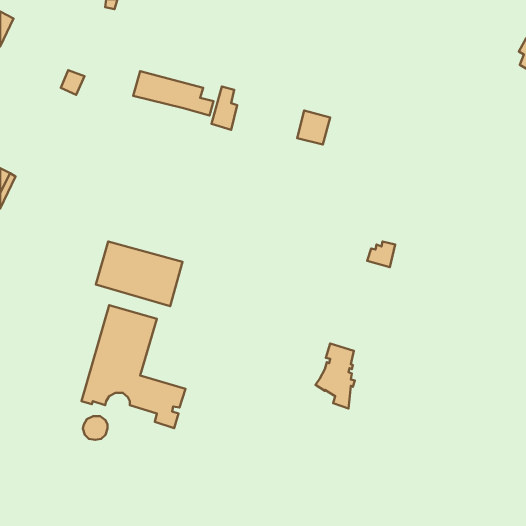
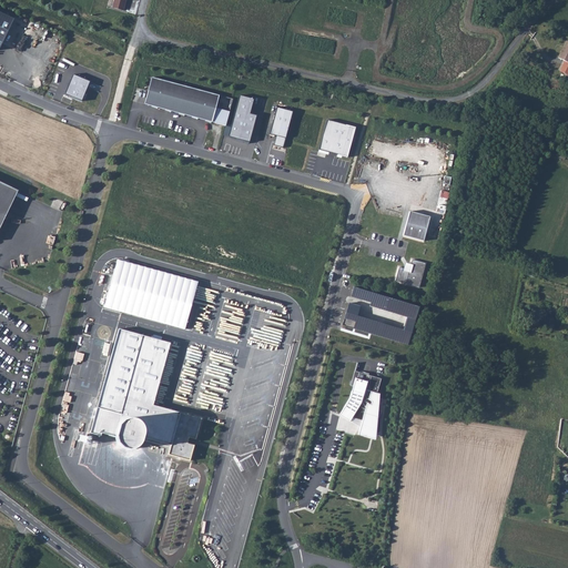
building: none -> [270,104,293,145]
building: none -> [404,211,429,240]
building: none -> [345,285,422,344]
building: [83,416,108,440] -> [114,423,141,448]

